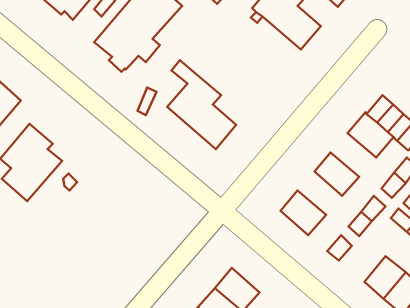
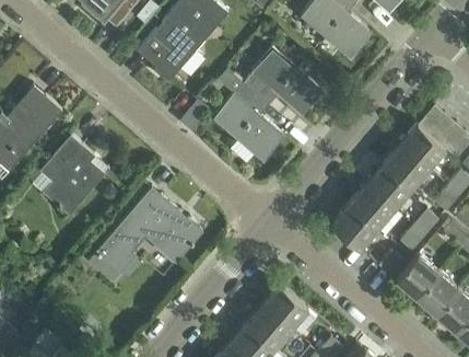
building: none -> [243,48,323,116]
building: none -> [382,145,429,189]
building: none -> [348,184,394,229]
building: none -> [87,187,203,274]
building: none -> [396,254,438,298]

